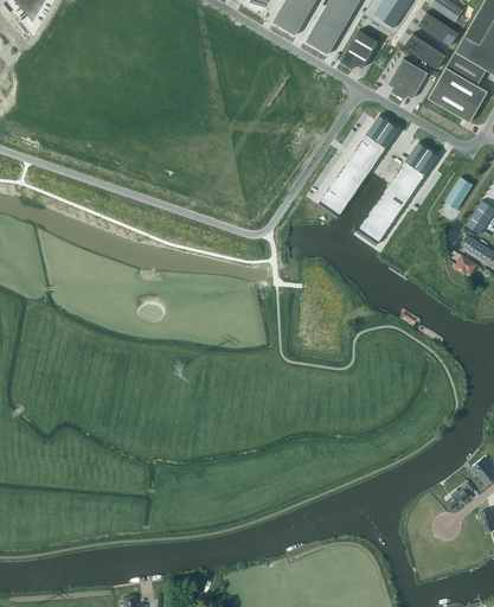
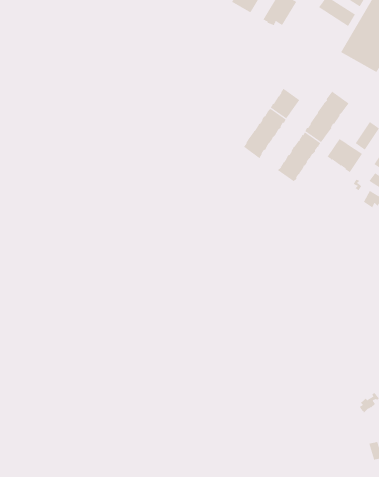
building: [387,57,428,98] -> none
building: [363,114,399,152] -> none
building: none -> [327,138,363,174]

